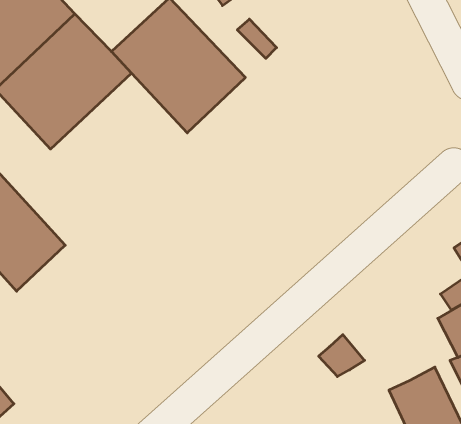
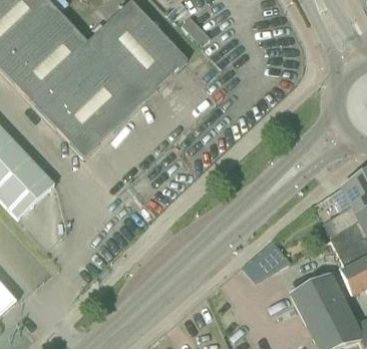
building: none -> [43,56,144,156]

